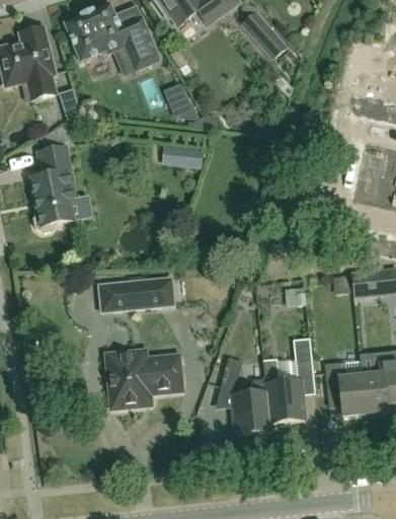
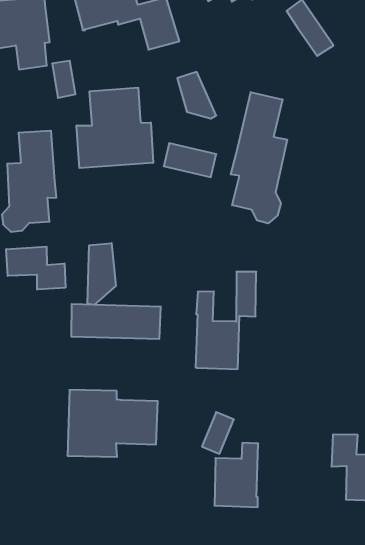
building: none -> [231,92,287,223]
building: none -> [77,88,153,168]
building: none -> [88,243,116,305]
building: none -> [6,247,65,290]
building: [263,338,313,422] -> [196,272,256,369]

